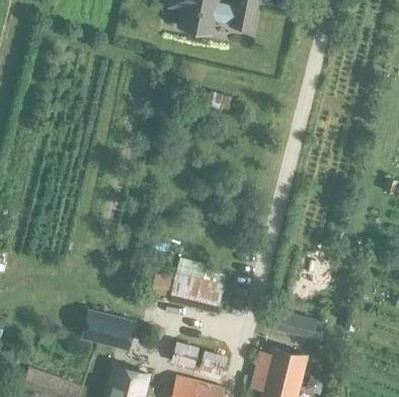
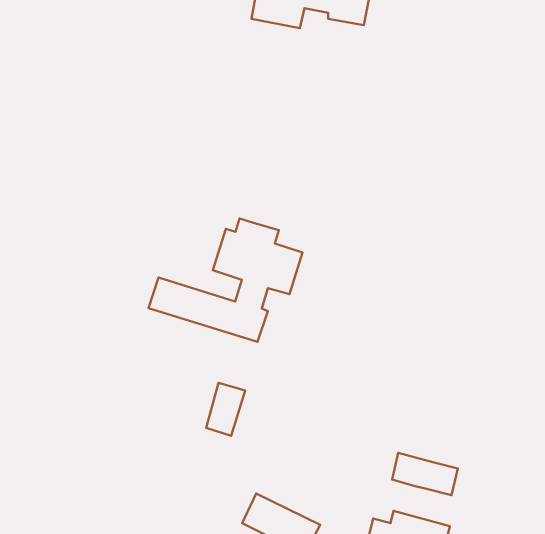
building: none -> [148,218,302,342]
building: [180,272,221,298] -> none
building: [80,309,137,351] -> none

